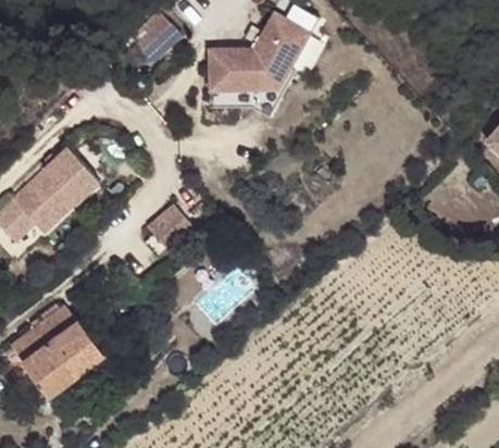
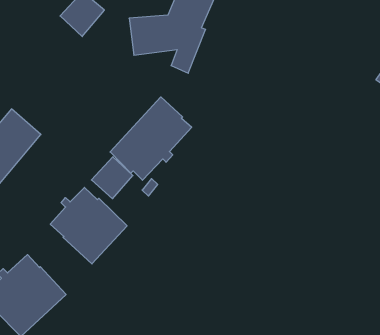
building: none -> [110,97,192,180]
building: none -> [50,187,127,264]

